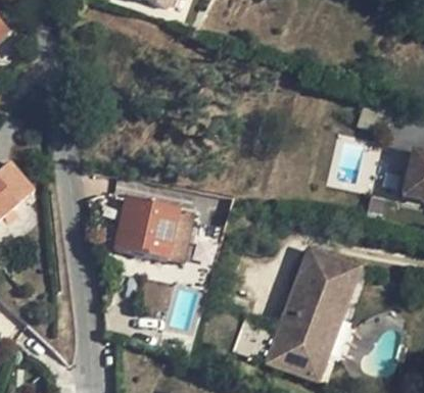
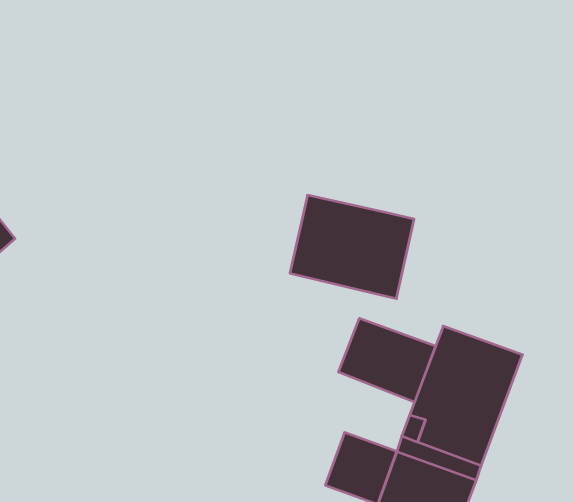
building: [114,197,194,263] -> [290,195,414,299]
building: none -> [339,318,435,402]

